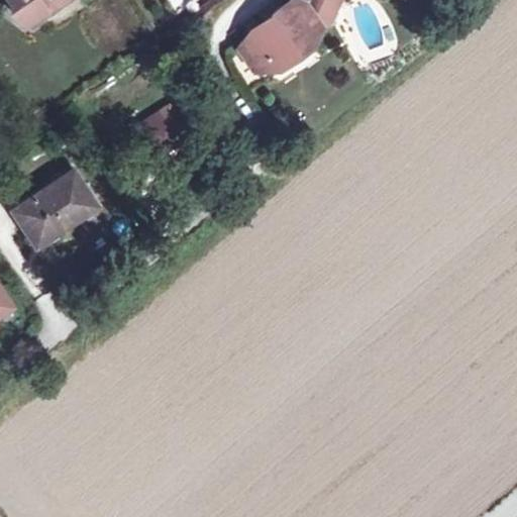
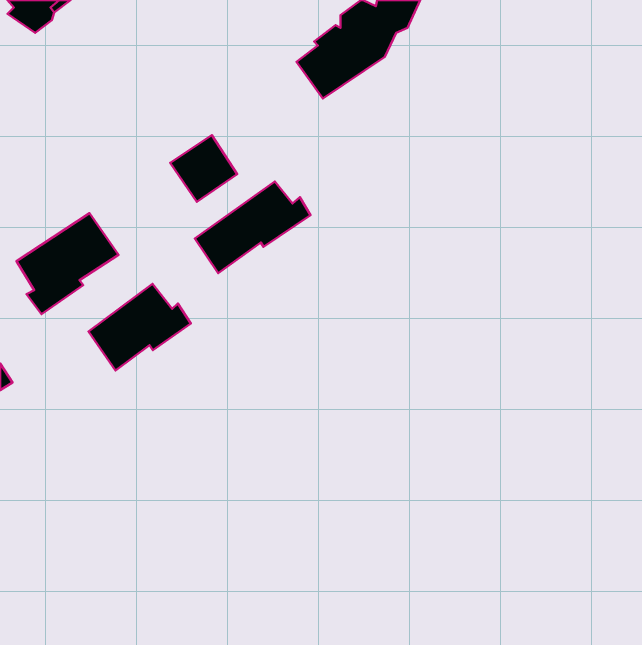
building: none -> [195,182,311,273]
building: none -> [88,284,191,371]

